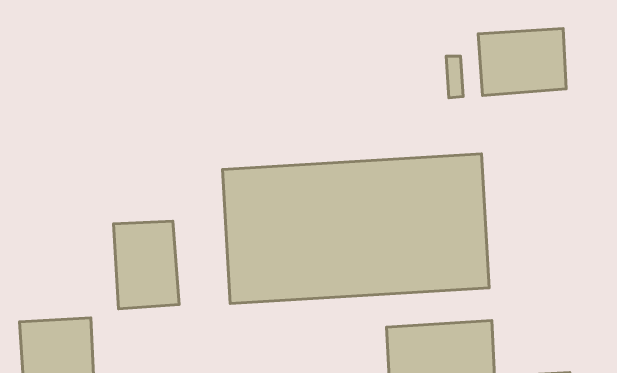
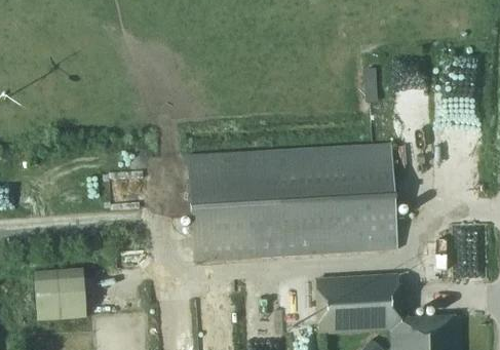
building: [478,28,566,95] -> none
building: [113,221,179,309] -> none

